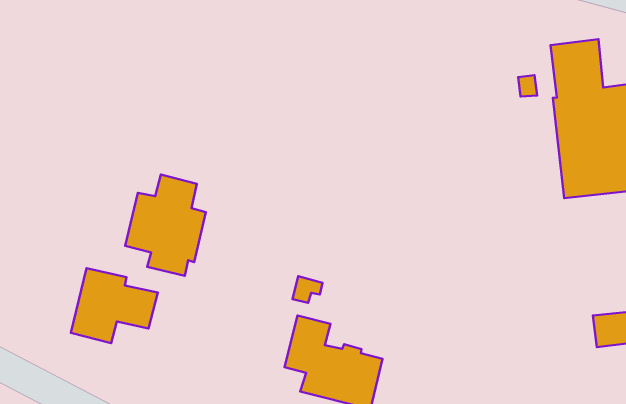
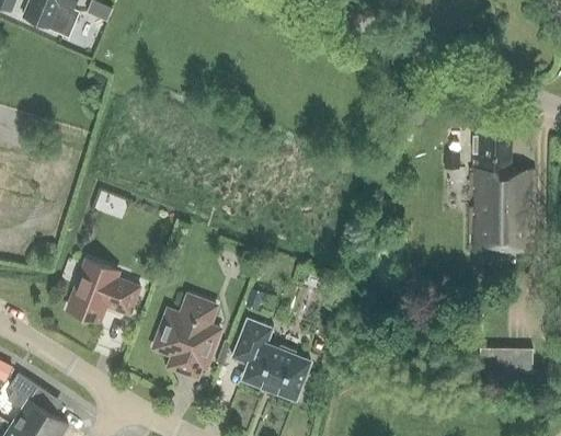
building: [125,175,206,276] -> [153,296,220,378]

